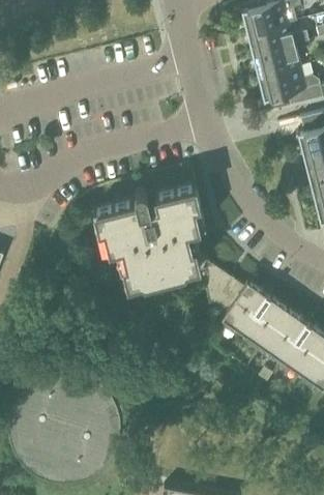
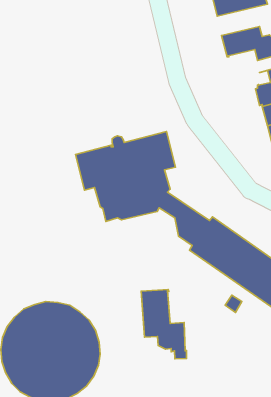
building: [253,46,300,78] -> none
building: none -> [141,289,187,359]

